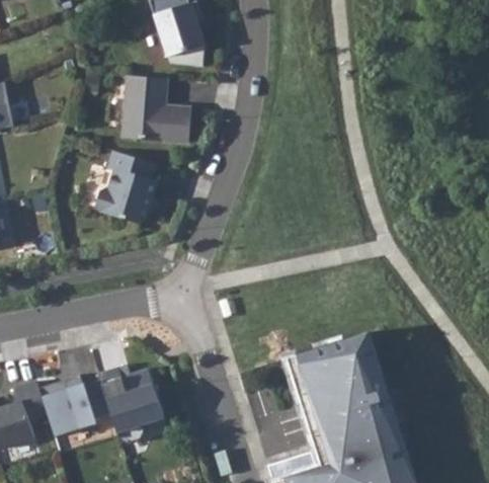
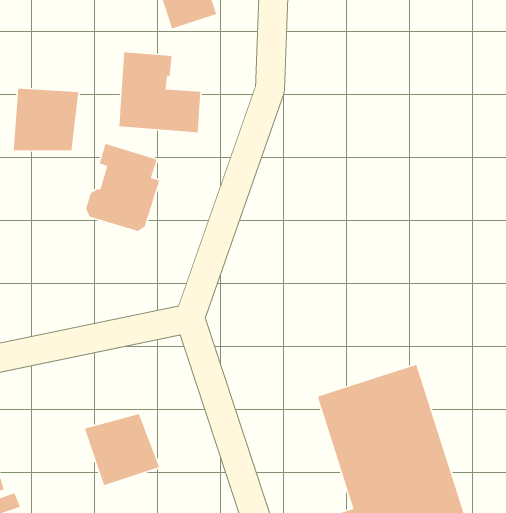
building: none -> [13,88,79,151]
building: [34,383,90,433] -> none

